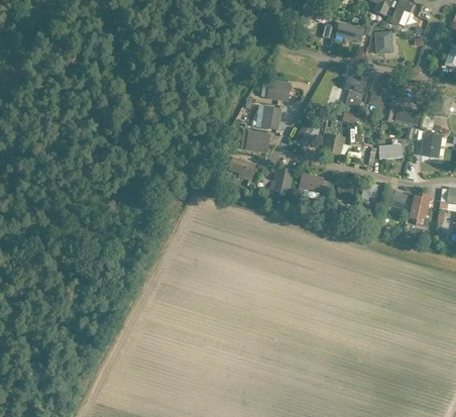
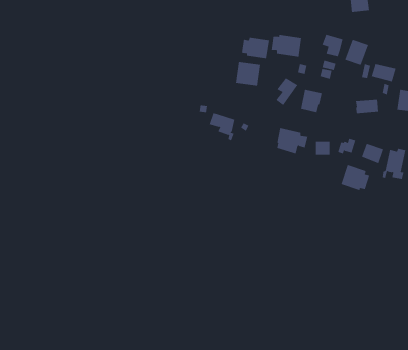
building: none -> [271,34,301,57]
building: [239,129,269,152] -> none
building: [271,167,295,193] -> none
building: none -> [341,164,370,191]

